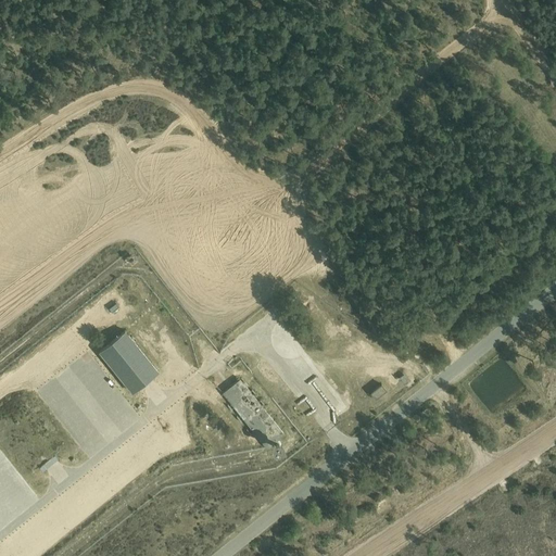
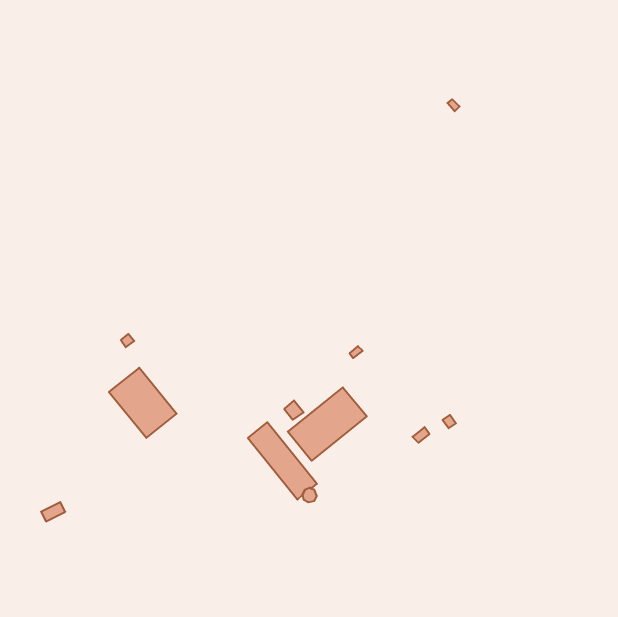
building: none -> [288,387,367,461]

